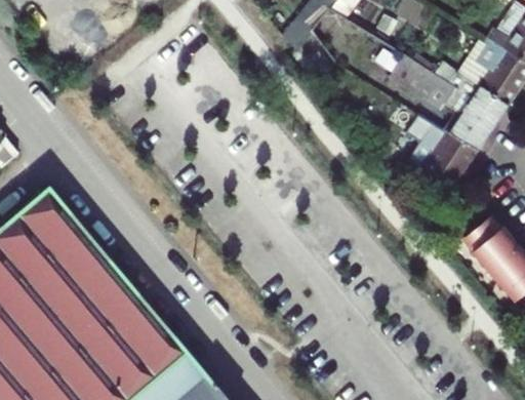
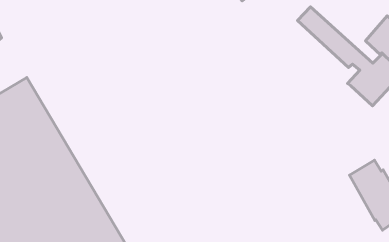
building: [406,115,477,191] -> none

